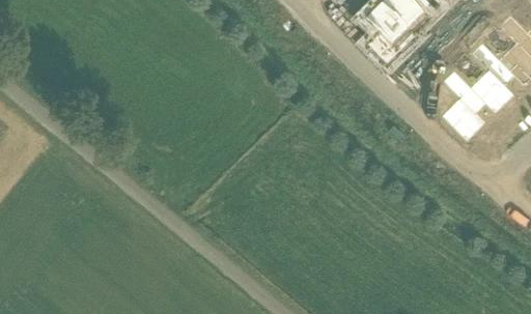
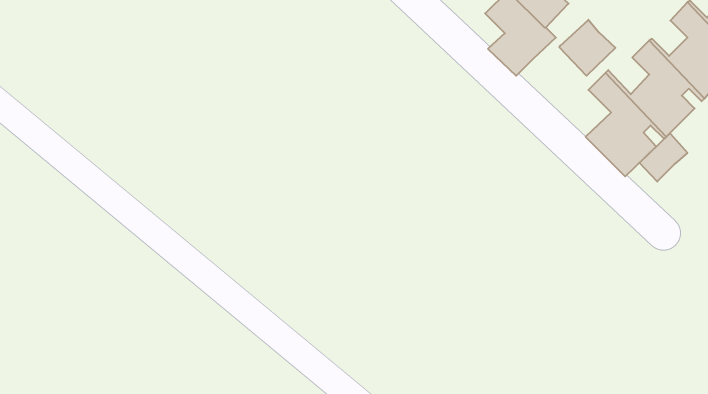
building: none -> [559,20,615,76]
building: none -> [639,134,687,182]

